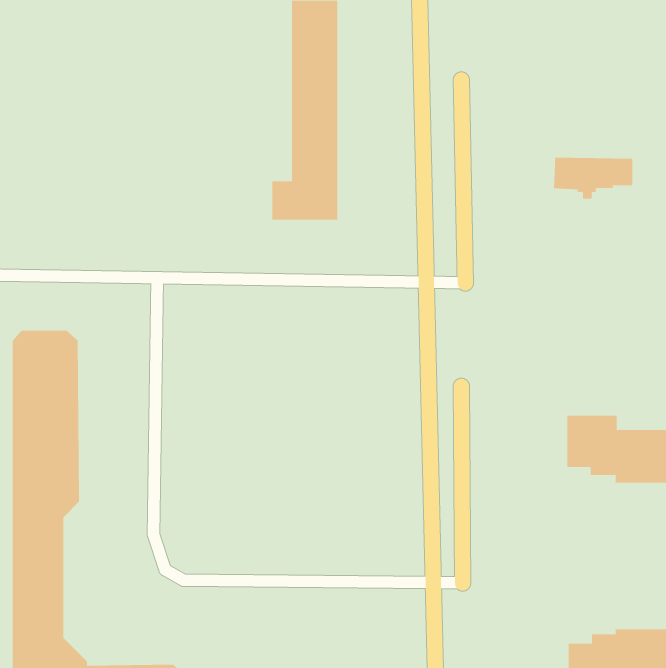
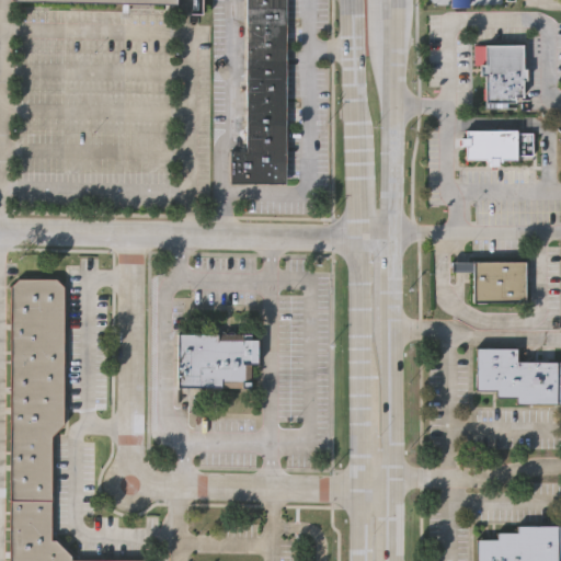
building: none -> [480,45,523,108]
building: none -> [454,261,529,304]
building: none -> [180,331,262,387]

